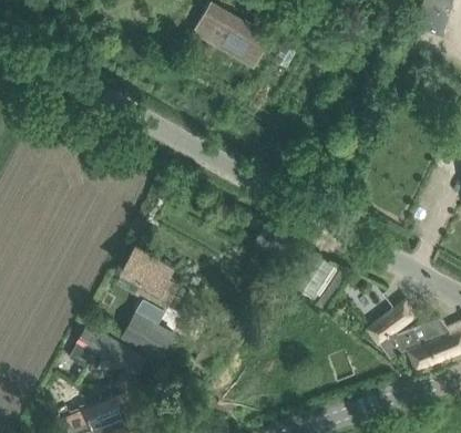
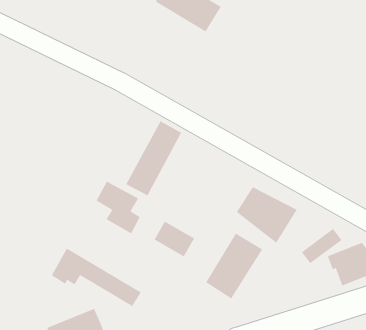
building: none -> [125,120,182,196]
building: none -> [205,232,263,300]
building: [121,312,171,357] -> [153,220,195,258]

